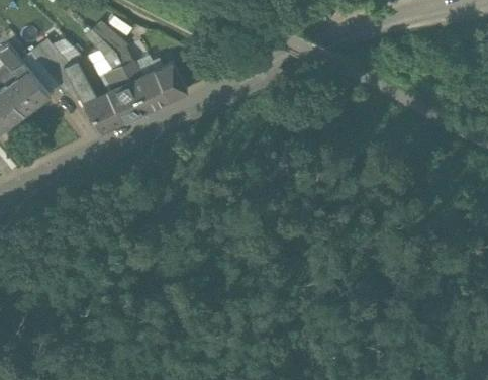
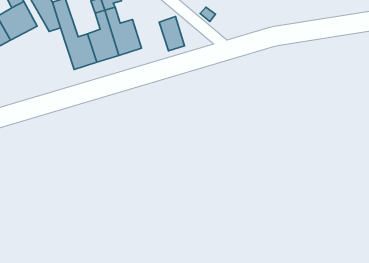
building: [153,62,185,101] -> [159,17,185,51]

